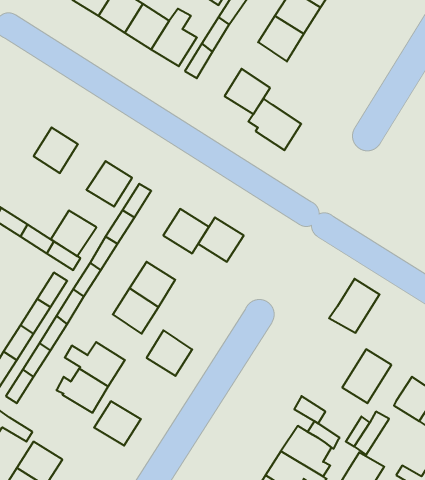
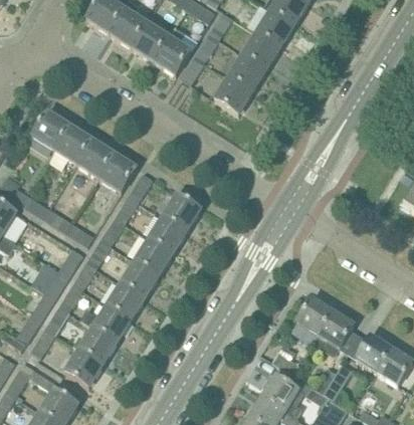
building: [248,99,301,150] -> [222,48,266,91]
building: none -> [32,111,69,149]
building: [51,211,96,256] -> [76,139,115,177]
building: [198,217,244,262] -> [149,215,187,252]
building: [329,279,380,333] -> [290,297,333,343]
building: [147,330,192,376] -> [107,281,145,320]
building: [94,401,141,446] -> [64,349,104,386]

